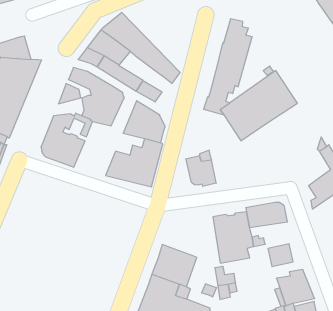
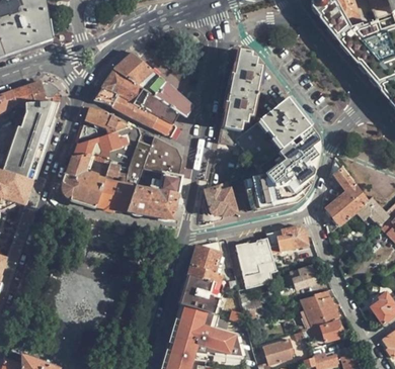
building: none -> [134,91,179,123]
building: none -> [96,131,153,210]
building: none -> [248,127,319,210]
building: none -> [187,245,222,283]

